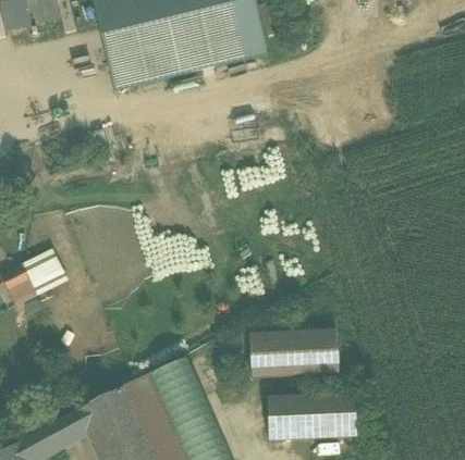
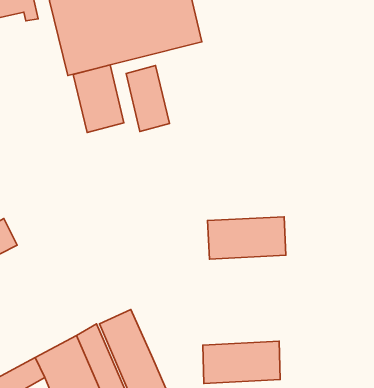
building: none -> [73,65,124,132]
building: none -> [126,66,169,131]
building: [249,327,339,375] -> [208,217,286,259]

